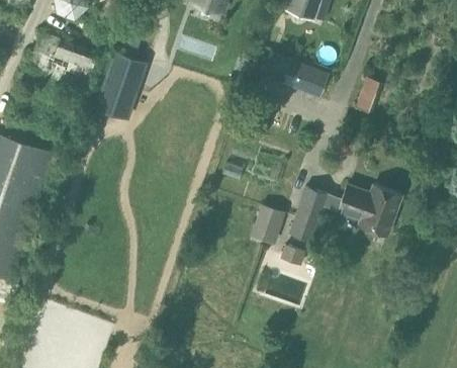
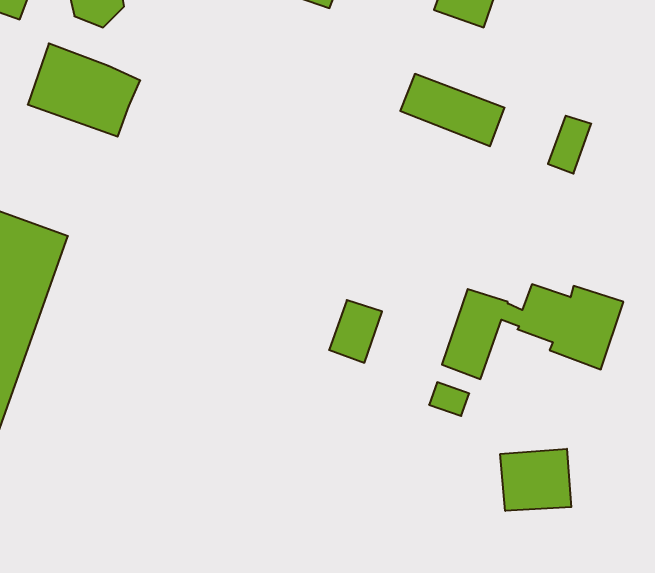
building: [96,55,146,122] -> none
building: [252,206,285,246] -> [329,300,382,363]
building: none -> [500,449,571,511]

